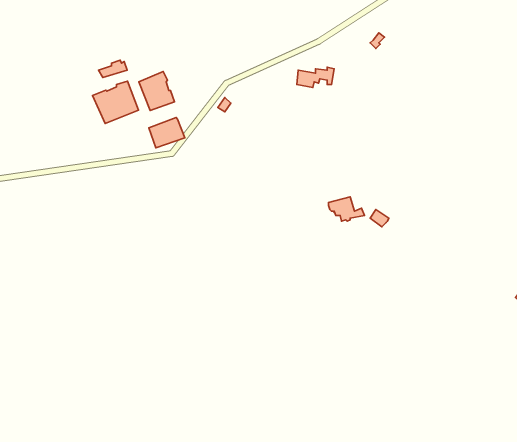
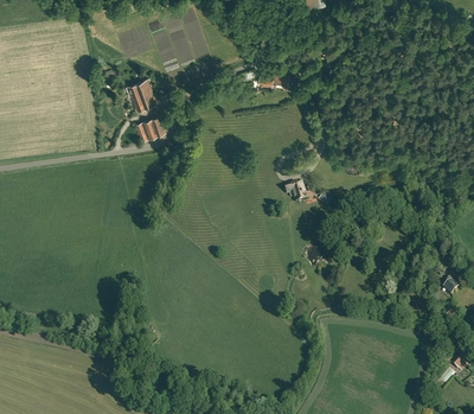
building: [93,81,139,124] -> none

